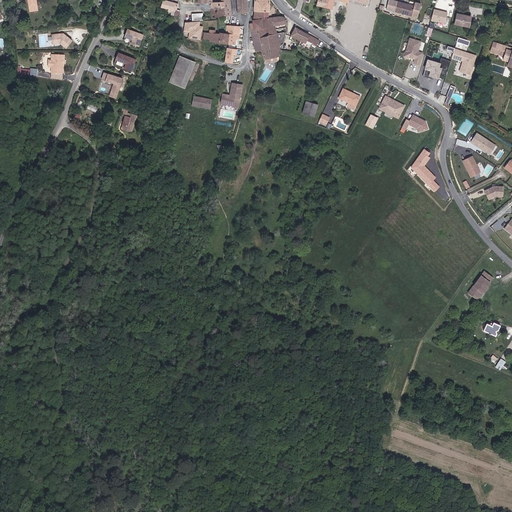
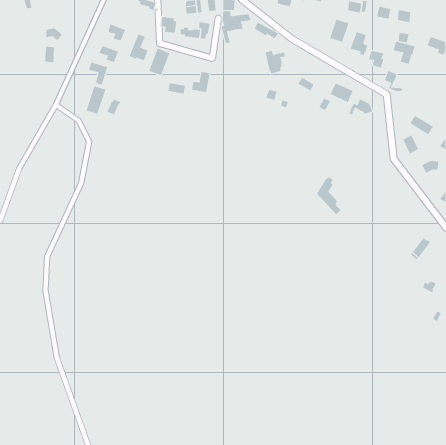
building: none -> [330,19,349,43]
building: [261,34,285,61] -> [265,50,286,74]
building: none -> [129,34,149,61]
building: none -> [86,85,106,115]
building: [411,147,440,191] -> [316,177,341,215]

